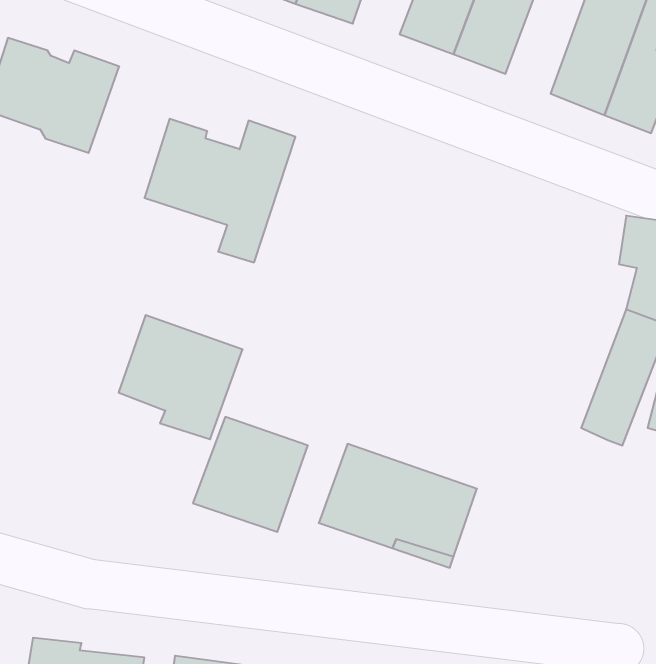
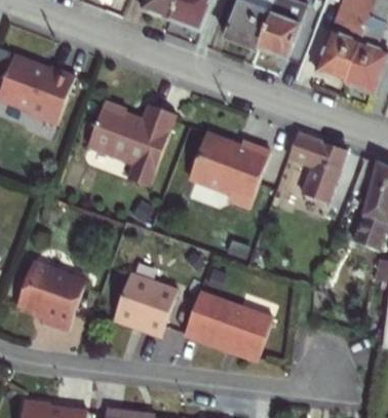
building: none -> [190,124,268,199]
building: none -> [281,138,340,217]
building: [119,315,243,439] -> [16,257,87,328]

